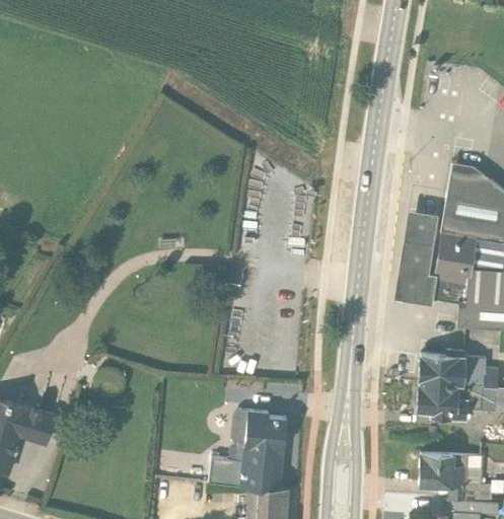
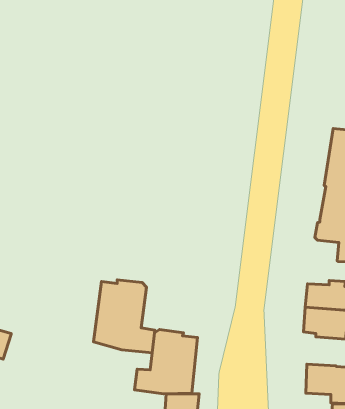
building: [394,208,440,305] -> none
building: none -> [93,280,155,353]

